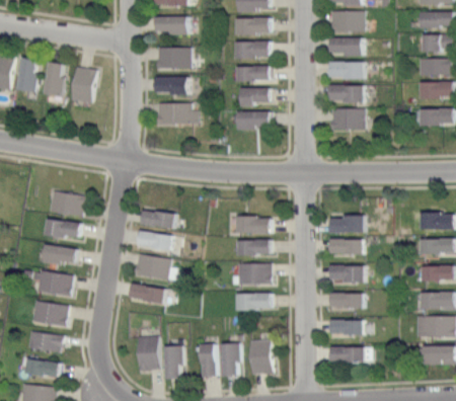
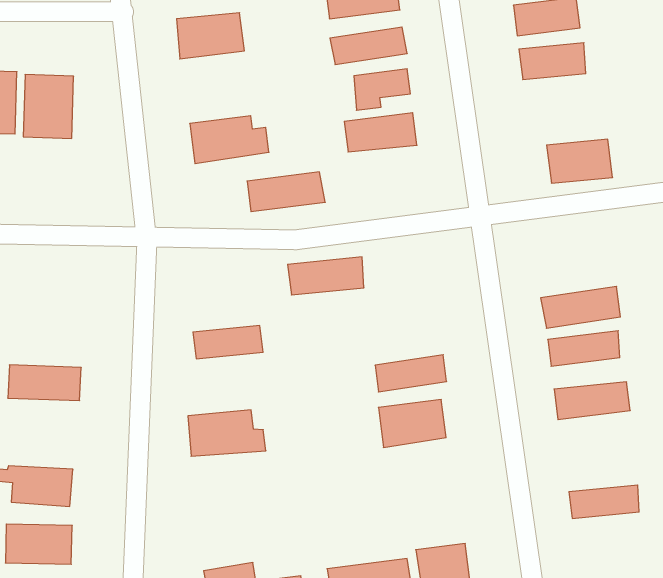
building: [153,77,193,93] -> [247,172,325,212]
building: [329,108,362,130] -> [547,139,613,183]
building: [47,190,83,216] -> none
building: [235,217,275,234] -> [288,257,364,295]
building: [136,231,175,250] -> none
building: [40,242,77,265] -> none
building: [128,285,167,302] -> none
building: [234,293,275,311] -> none
building: [328,293,366,308] -> none
building: [329,346,369,362] -> none

